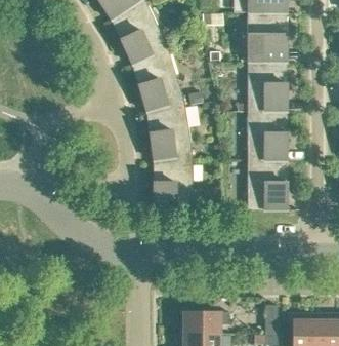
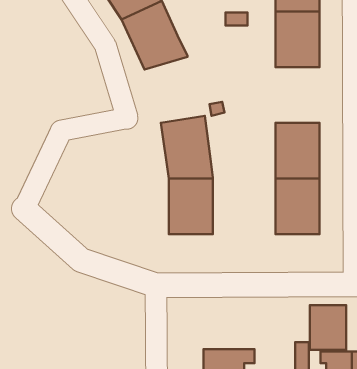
building: [131,52,184,111] -> none
building: [247,62,286,111] -> none
building: none -> [310,305,346,350]

